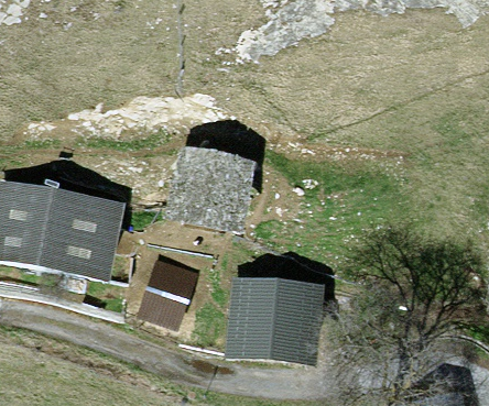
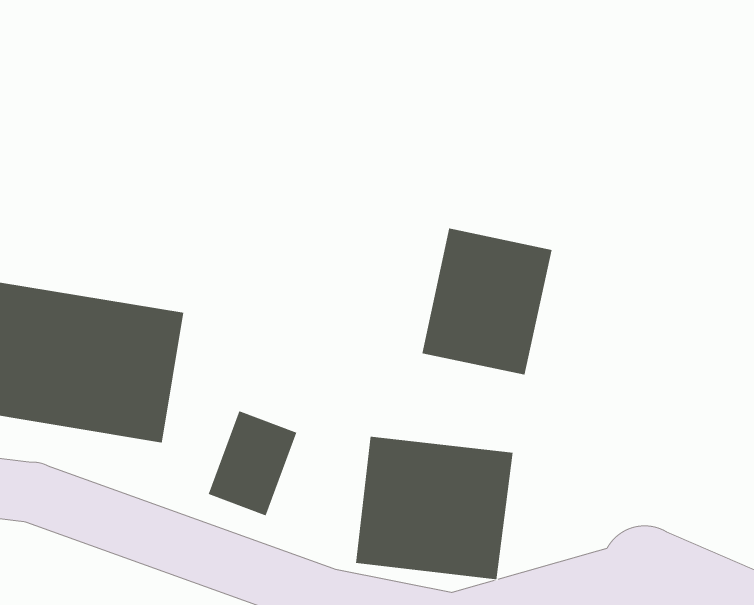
building: [171,144,250,233] -> [421,228,552,375]

